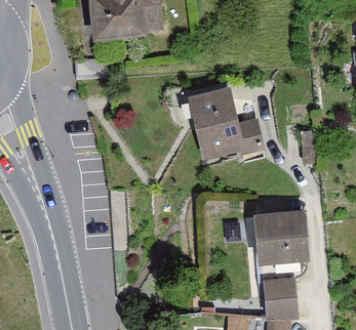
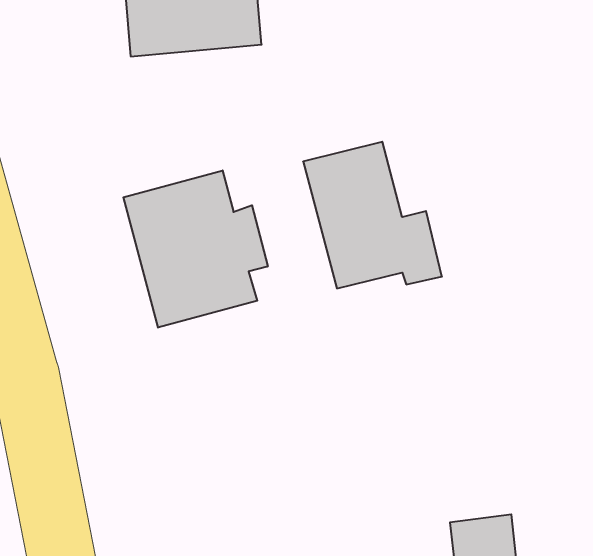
building: none -> [123,170,268,328]
building: [258,210,310,260] -> none

